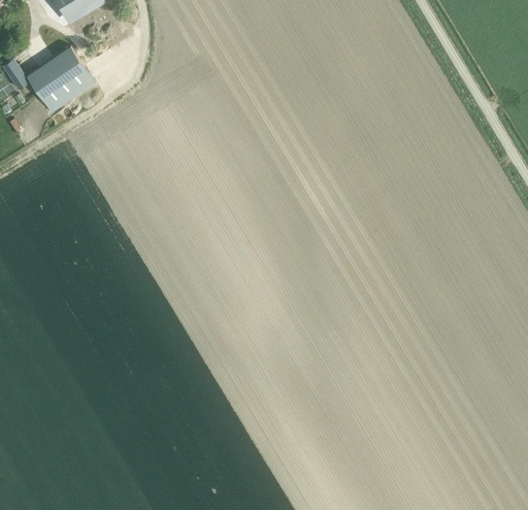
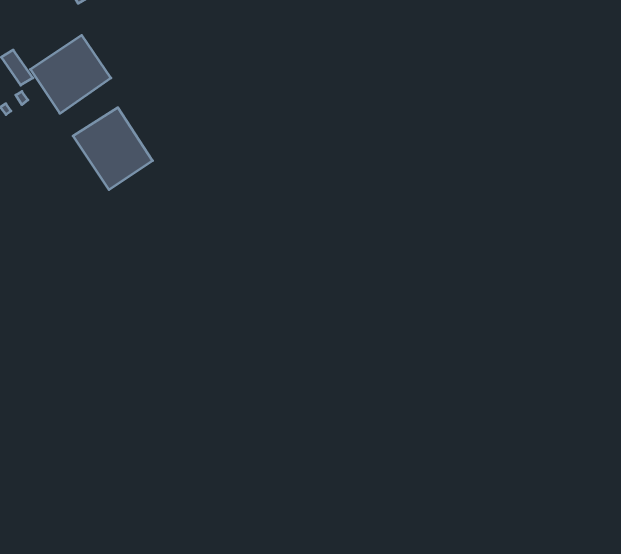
building: none -> [73,108,153,190]

